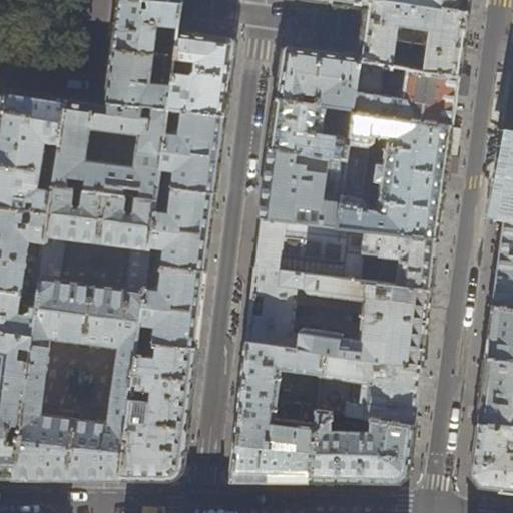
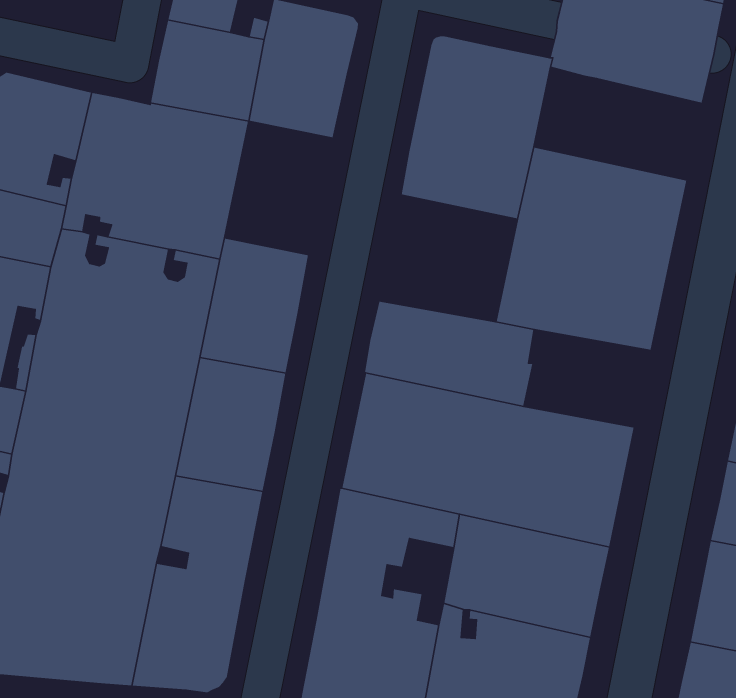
building: [352,62,458,128] -> none
building: [157,111,222,194] -> none
building: [260,151,345,228] -> none
building: [358,231,437,290] -> none

